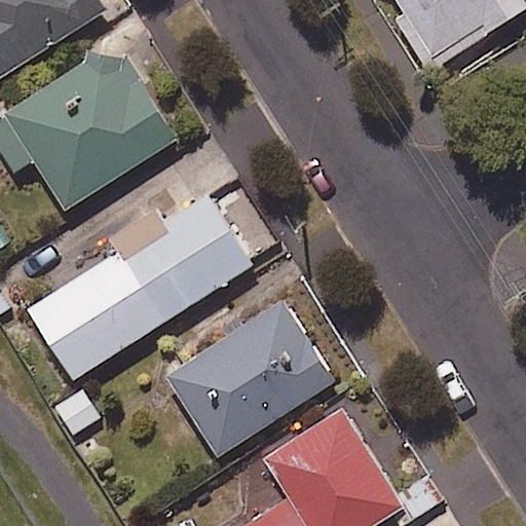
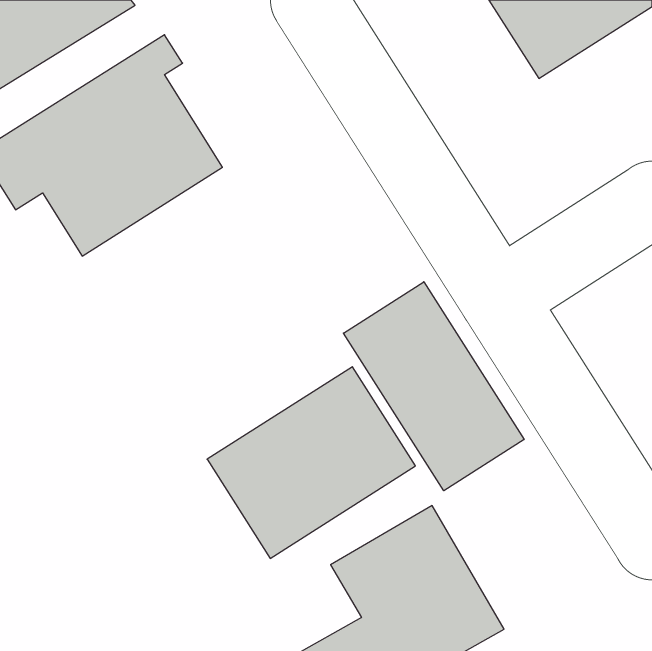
building: [28,195,253,379] -> none
building: none -> [343,282,524,491]

